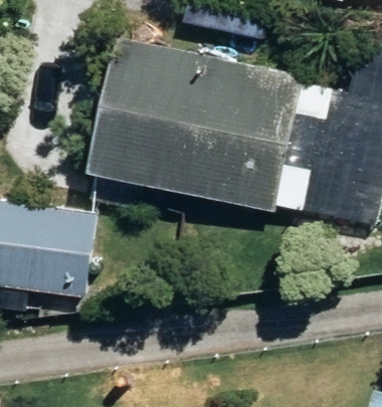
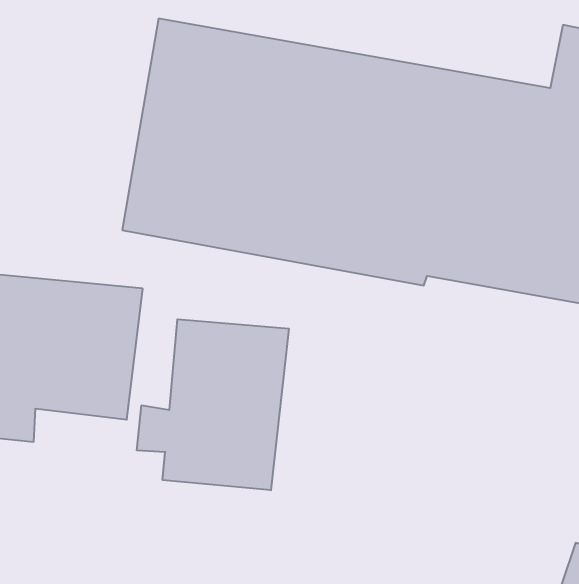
building: none -> [137,319,289,490]

